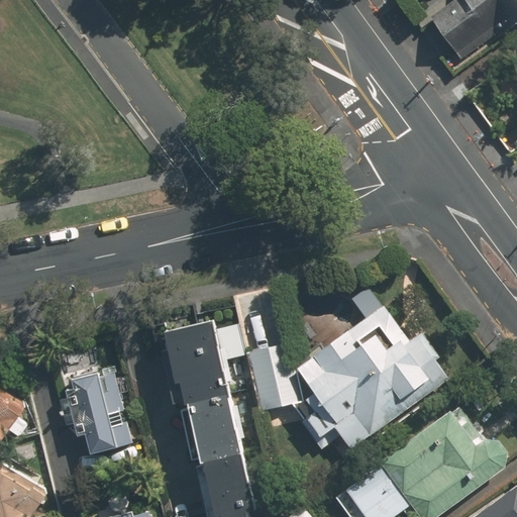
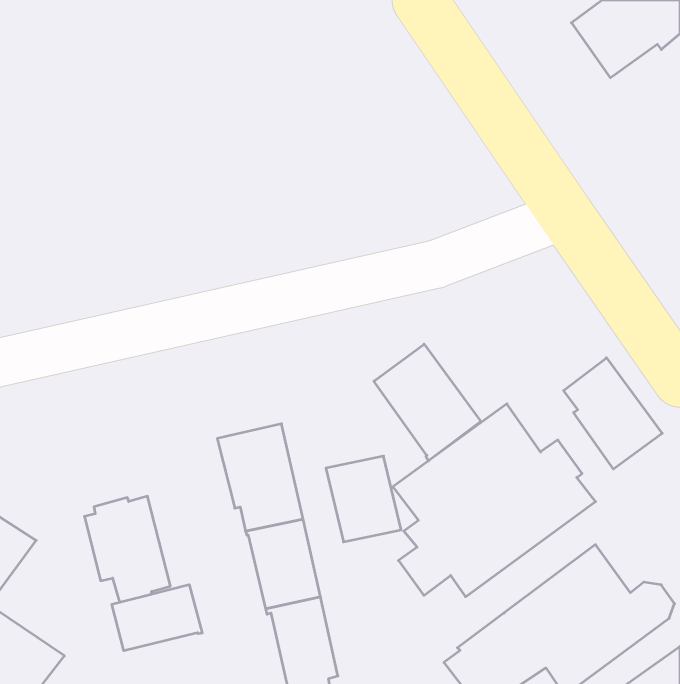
building: none -> [374,344,481,461]
building: none -> [564,358,662,469]
building: none -> [112,585,202,651]

